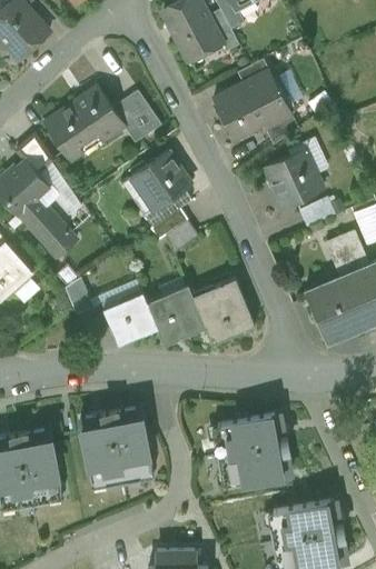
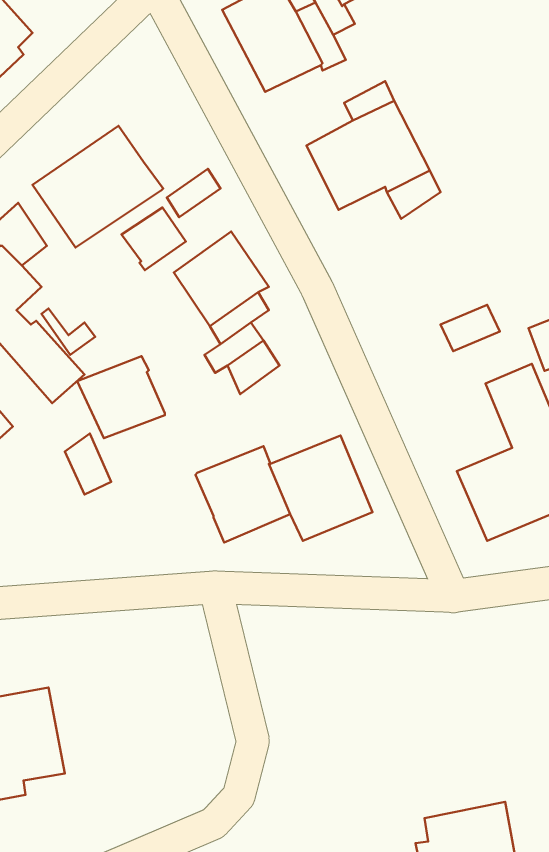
building: [112,91,152,130] -> [121,208,186,270]
building: [263,148,321,207] -> none
building: [101,292,156,343] -> [77,356,165,438]
building: [82,410,154,481] -> none
building: [210,419,288,490] -> none

